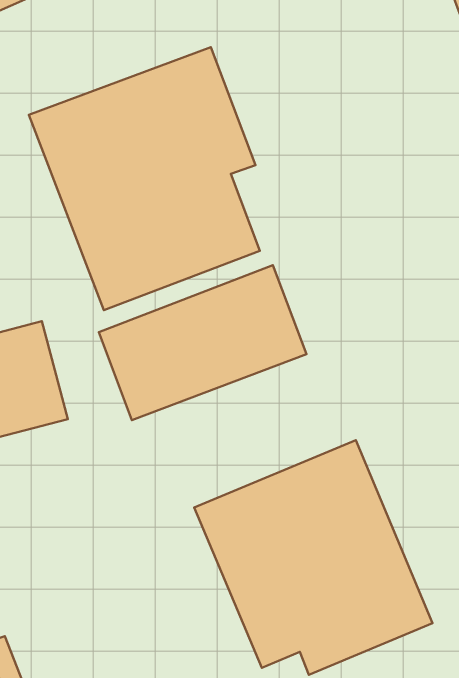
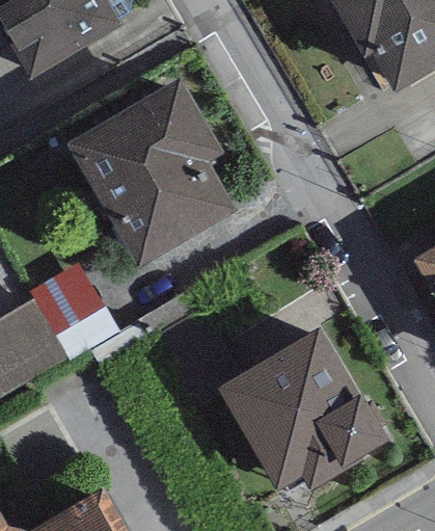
building: [99,265,307,420] -> none

